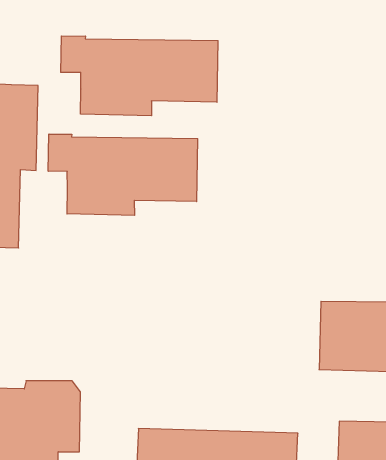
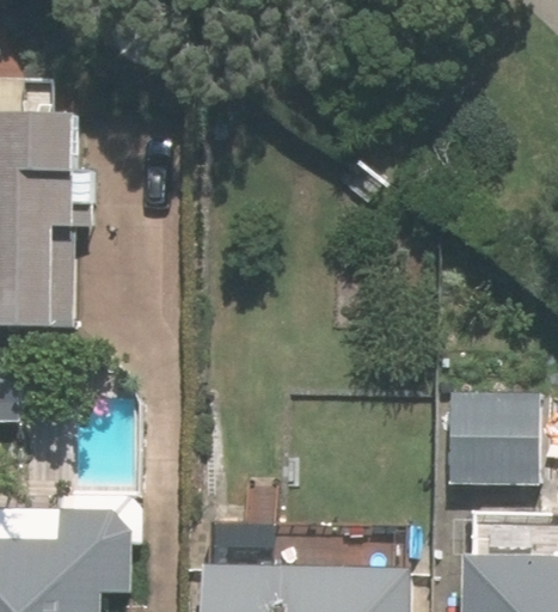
building: [61,36,218,116] -> none
building: [48,134,198,215] -> none

